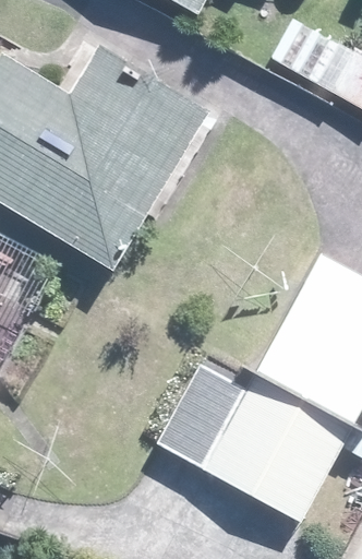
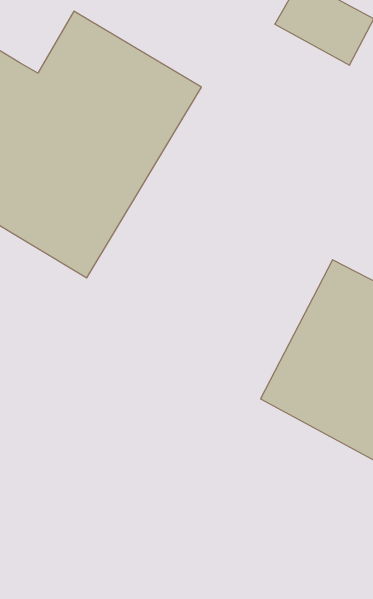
building: [202,381,347,521] -> none

